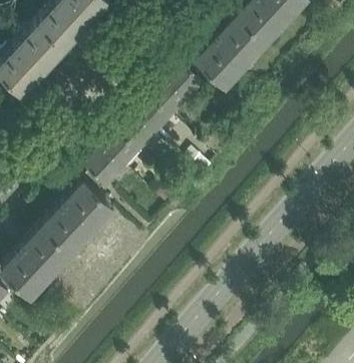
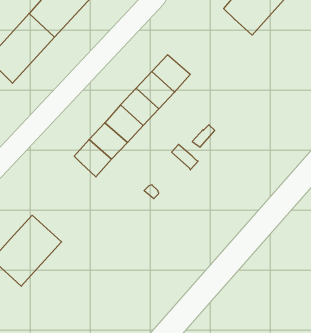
building: [194,18,265,90] -> none
building: [40,185,111,256] -> none

